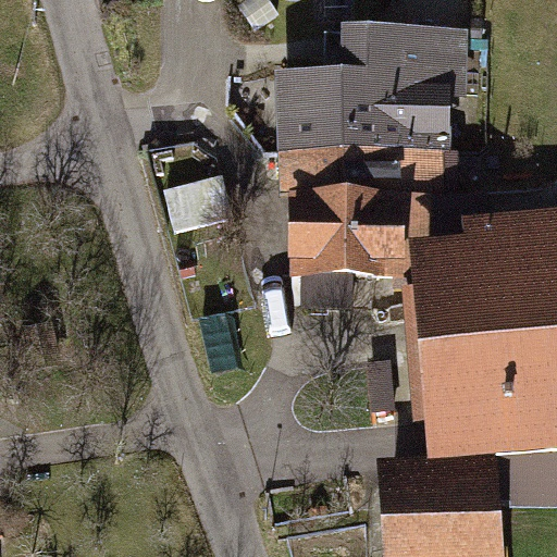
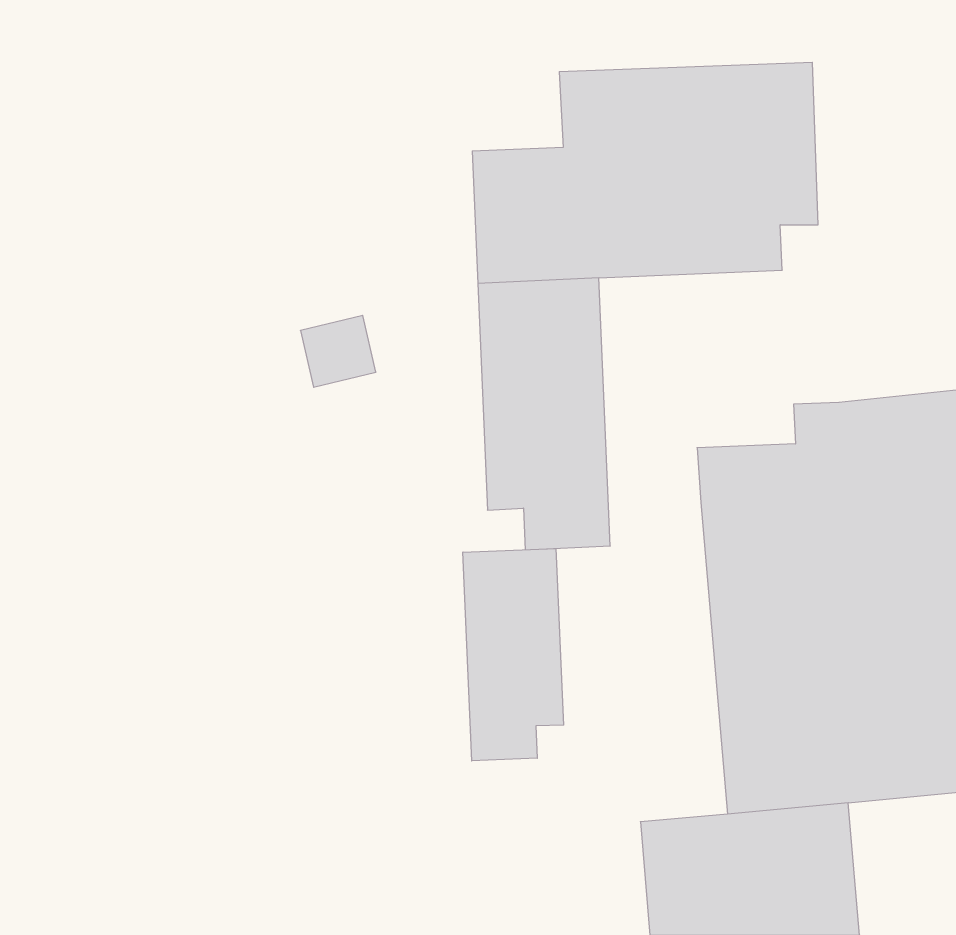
building: [350,156,488,292] -> none
building: none -> [463,549,564,761]

